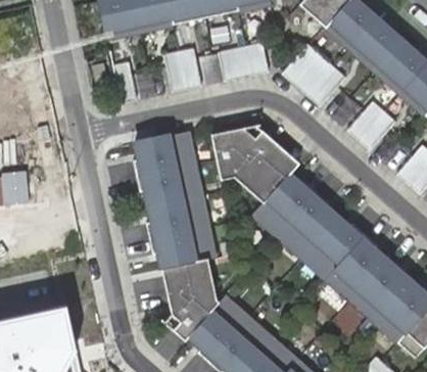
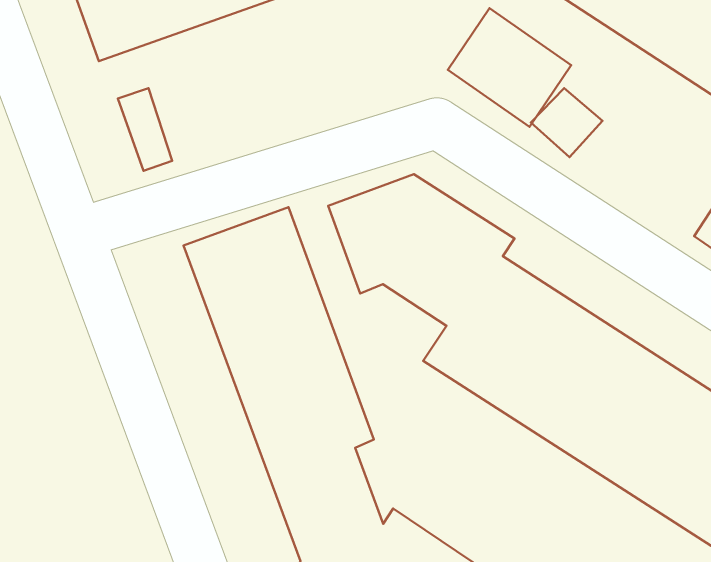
building: [218,42,268,80] -> none
building: [164,46,201,90] -> none
building: [345,101,394,149] -> none

